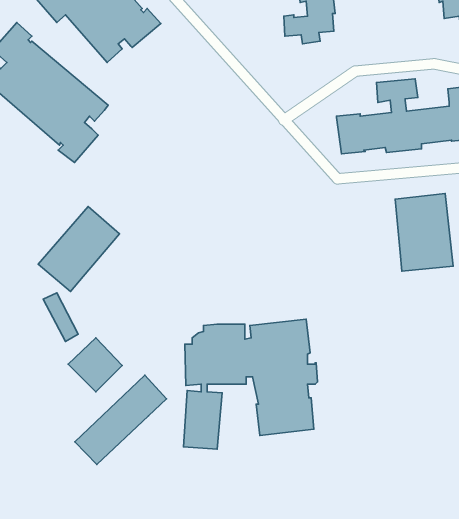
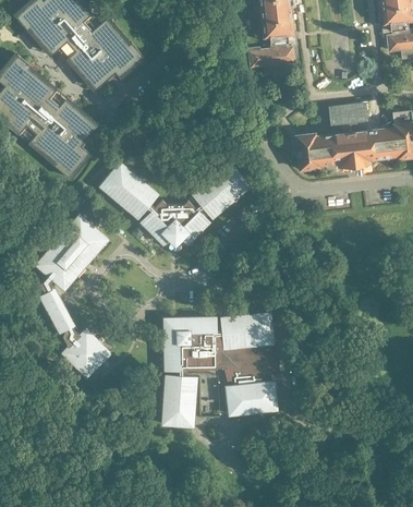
building: none -> [100,162,250,244]
building: [395,194,453,271] -> none
building: [75,375,166,464] -> none

